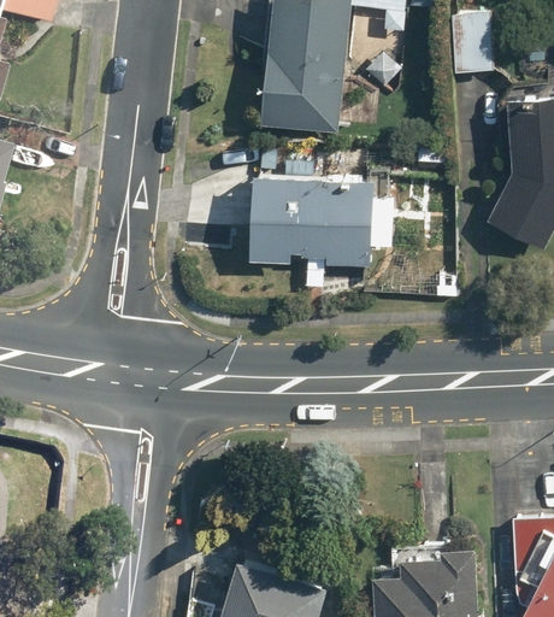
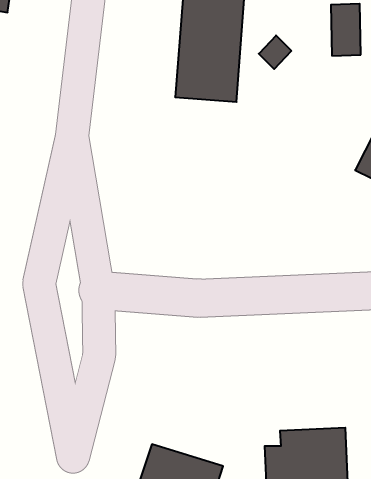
building: [242,170,394,294] -> none

